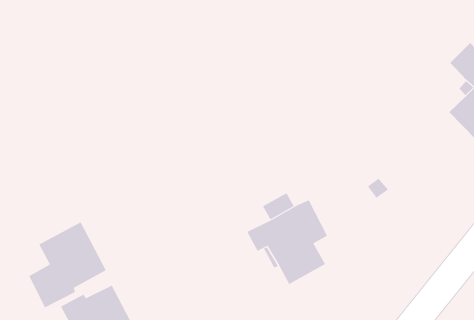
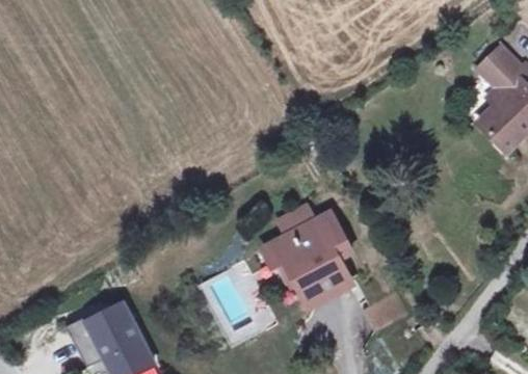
building: [29,221,107,308] -> none

